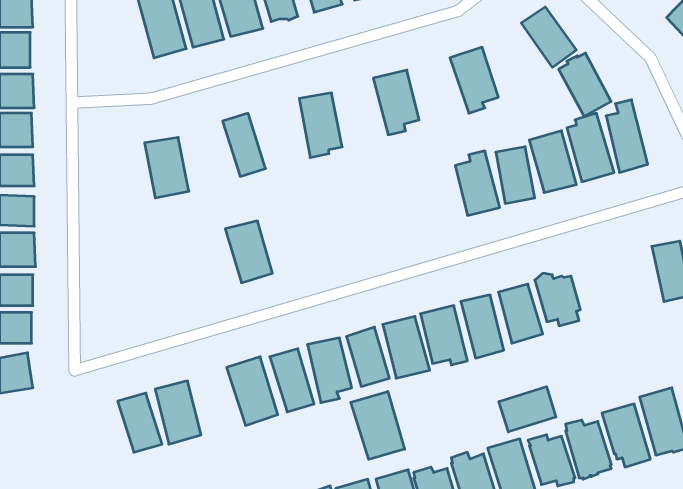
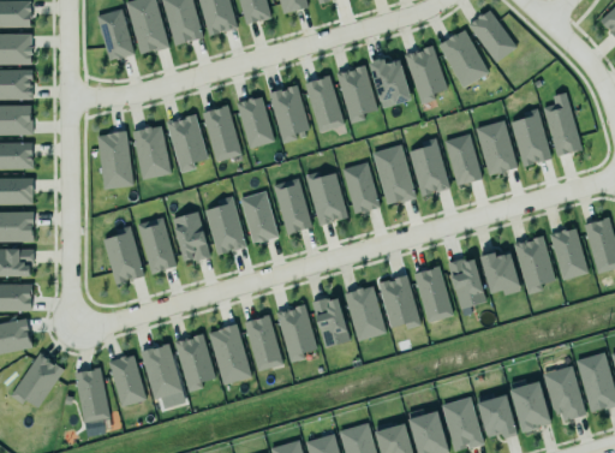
building: none -> [97,8,135,61]
building: [559,53,611,116] -> [440,29,486,85]
building: none -> [369,58,412,106]
building: none -> [305,76,345,133]
building: none -> [235,95,273,147]
building: none -> [163,113,207,174]
building: none -> [98,131,133,189]
building: none -> [372,145,416,205]
building: none -> [342,162,380,214]
building: none -> [305,172,348,226]
building: none -> [274,179,311,234]
building: none -> [240,191,279,245]
building: none -> [172,211,210,263]
building: none -> [137,216,178,274]
building: none -> [549,227,589,281]
building: none -> [510,230,556,296]
building: none -> [103,231,144,284]
building: none -> [172,332,215,392]
building: [499,387,556,432] -> none
building: [351,391,405,459] -> none
building: none -> [12,353,64,409]
building: none -> [74,368,111,423]

